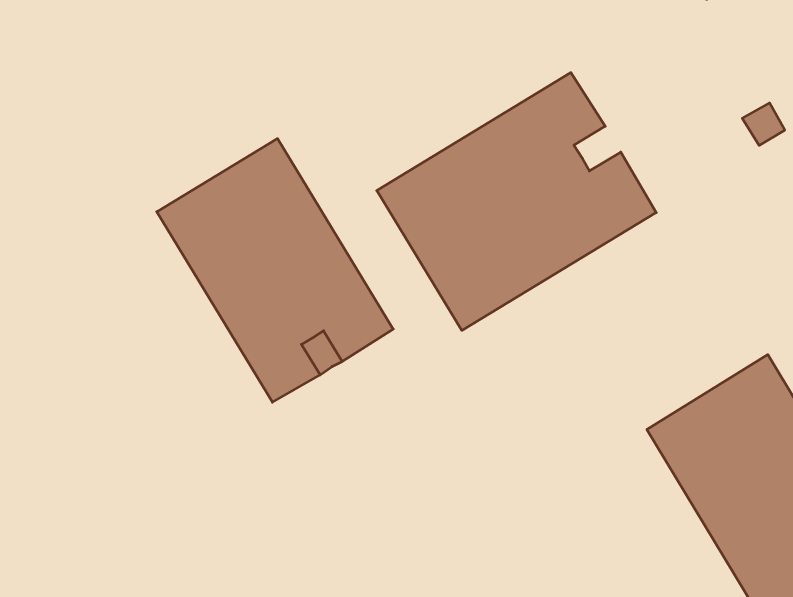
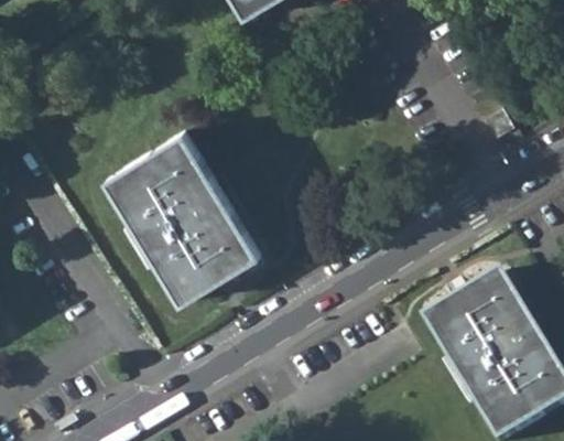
building: [377,73,656,330] -> none

